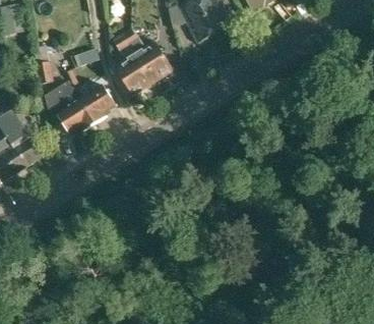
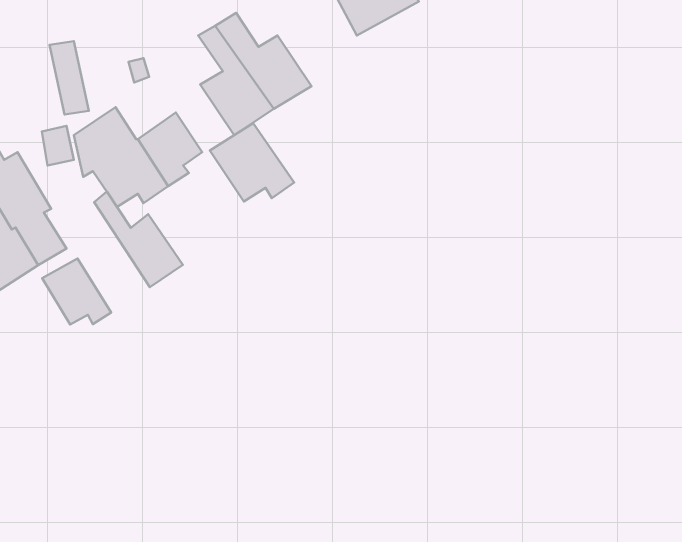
building: none -> [210,123,294,202]
building: none -> [94,192,183,287]
building: none -> [42,258,111,325]

